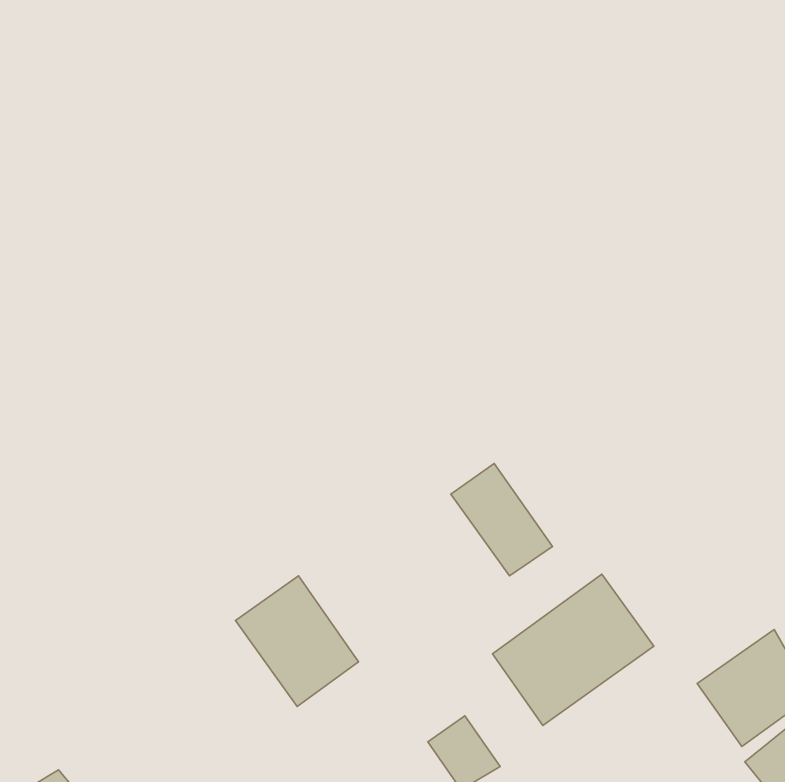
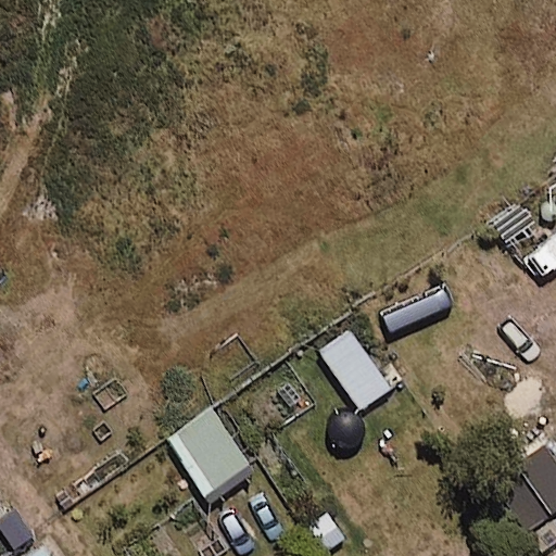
building: [493,574,654,726] -> none

